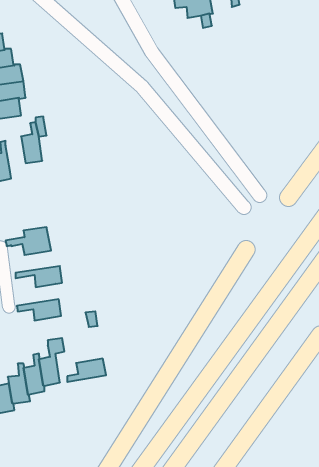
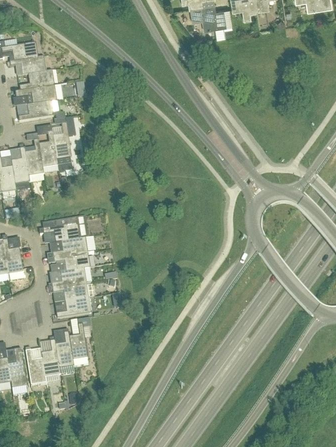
building: none -> [38,130,57,166]
building: none -> [46,236,87,257]
building: none -> [48,267,86,287]
building: [67,359,106,382] -> [56,296,91,317]

